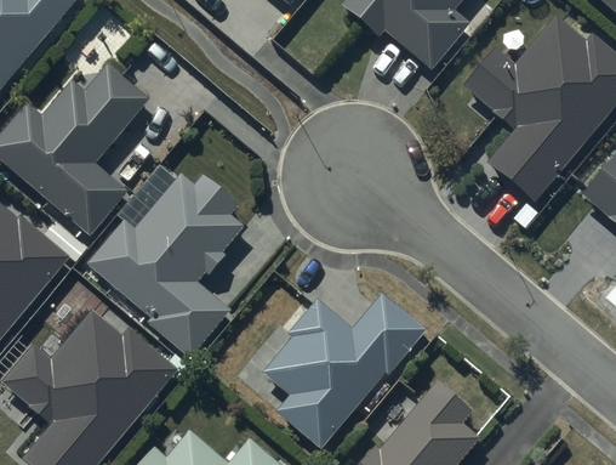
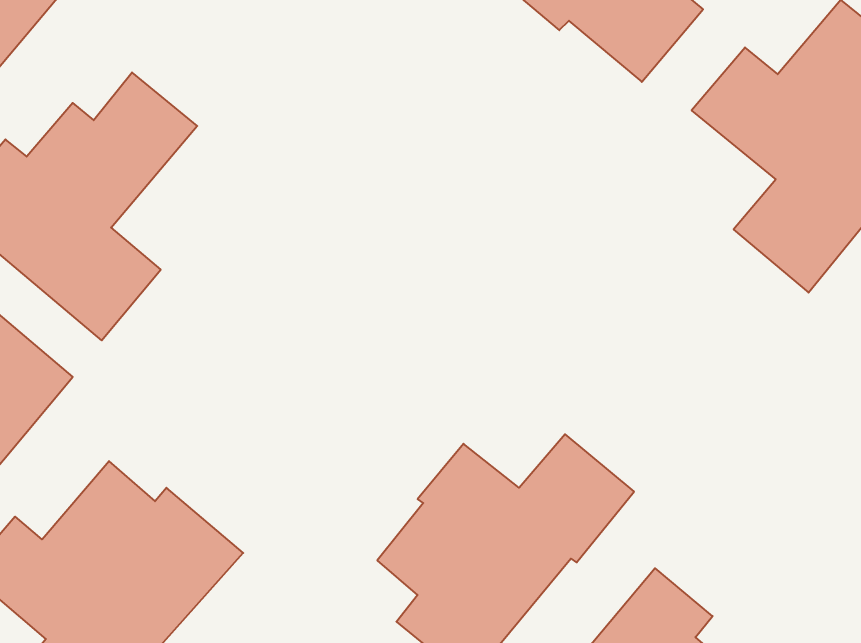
building: [87,172,244,356] -> none

